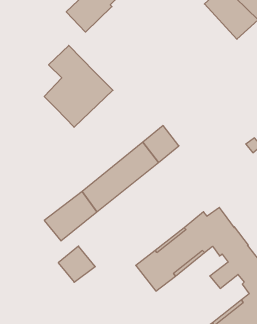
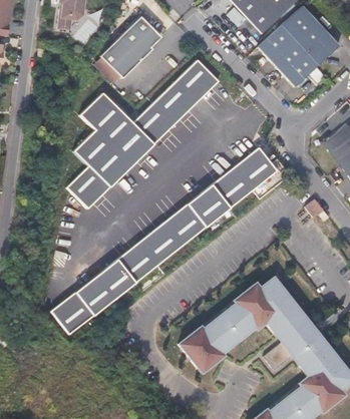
building: none -> [132,60,219,144]
building: none -> [211,147,276,207]
building: none -> [68,165,109,208]
building: [58,246,95,282] -> [52,293,94,334]

